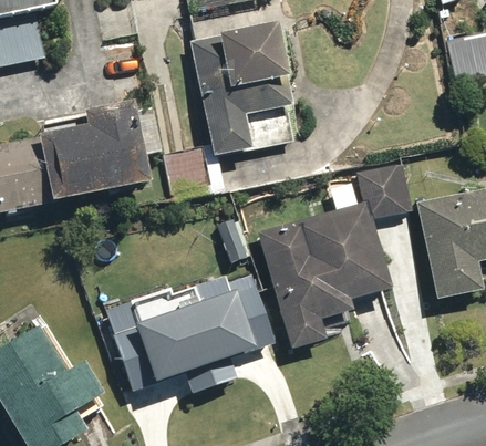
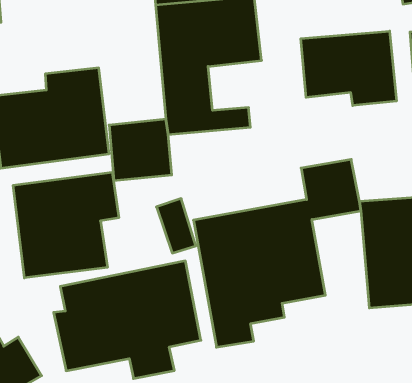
building: none -> [301,31,396,106]
building: none -> [13,172,119,278]

